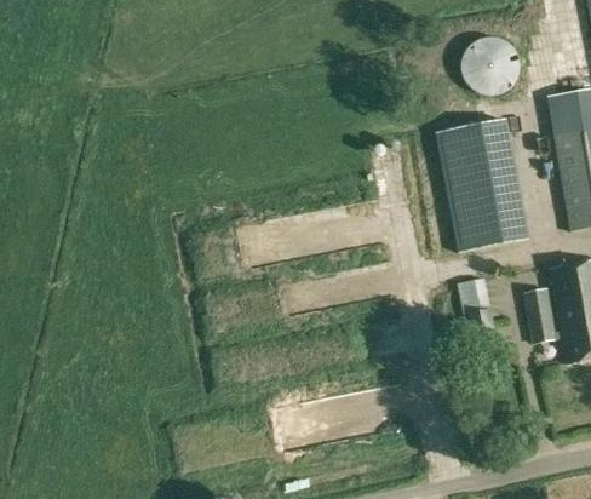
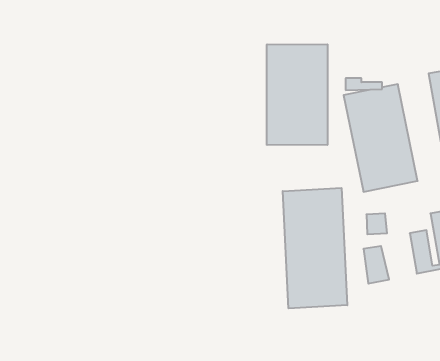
building: [464,29,527,94] -> none
building: none -> [267,44,327,145]
building: none -> [283,188,347,308]

